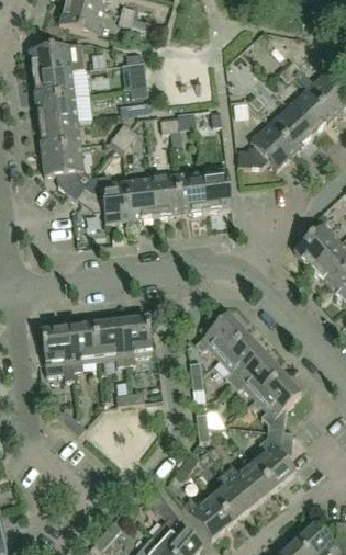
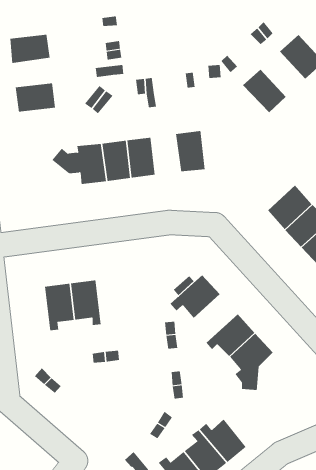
building: [30,44,71,75] -> none
building: [288,88,333,134] -> none
building: [35,94,77,124] -> none
building: [238,122,297,168] -> none
building: [42,145,93,197] -> none
building: [177,171,207,213] -> none
building: [121,316,153,364] -> none
building: [41,326,74,372] -> none
building: [220,333,265,383] -> none
building: [250,430,295,488] -> none

